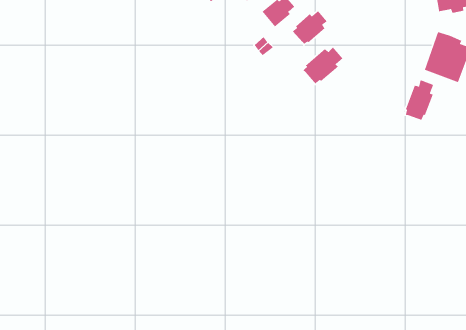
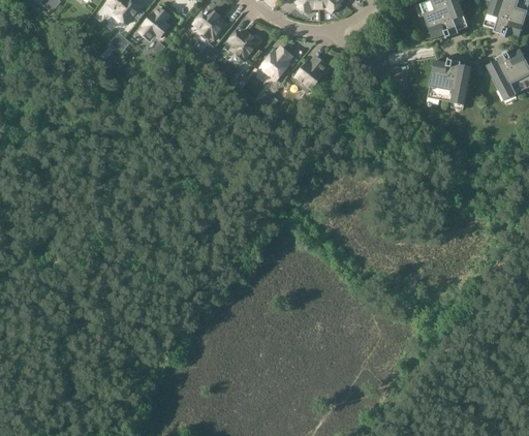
building: [303,46,344,85] -> none
building: [405,79,434,121] -> none

